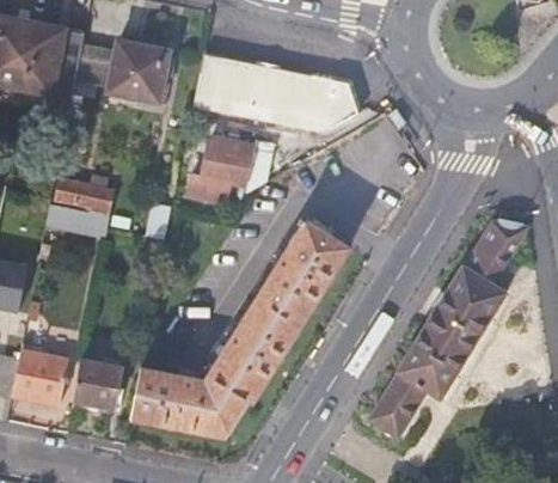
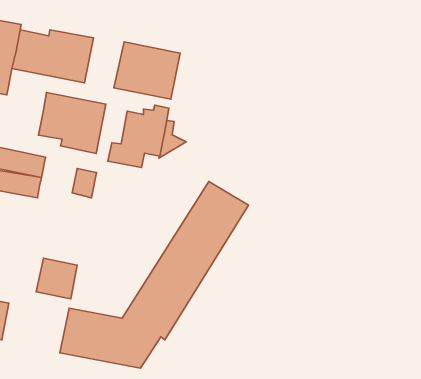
building: [259,68,354,134] -> none
building: none -> [38,92,106,154]
building: [369,222,528,439] -> none
building: [70,361,118,409] -> [36,258,77,299]

